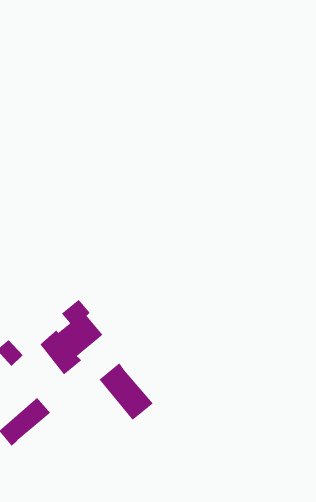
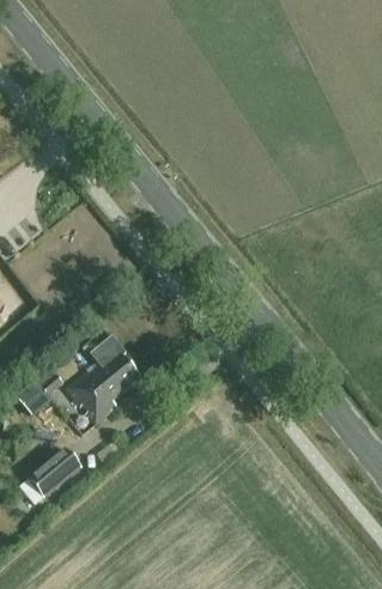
building: [98,362,154,421] -> none

